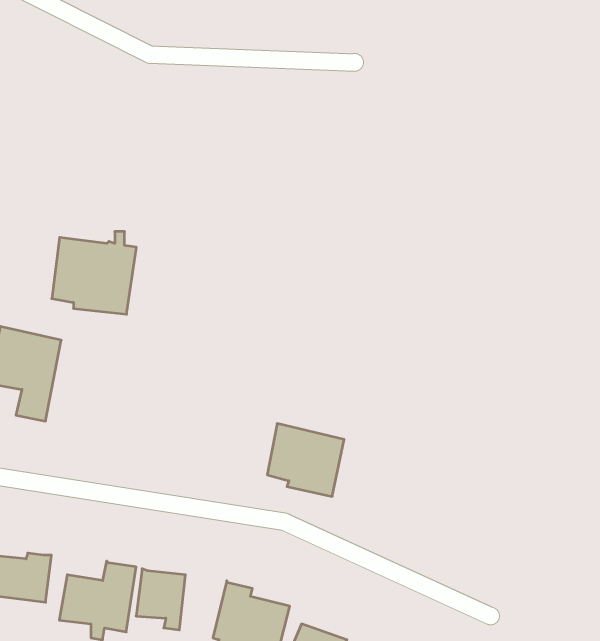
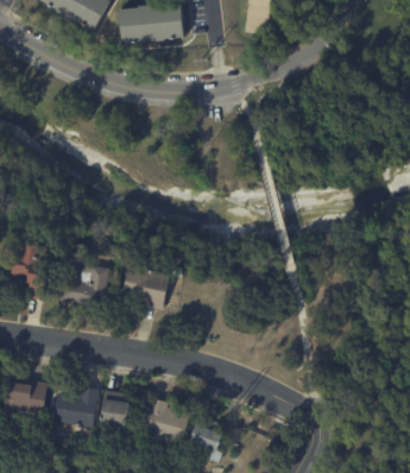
building: [52,232,136,314] -> [59,259,111,309]
building: [267,424,344,496] -> [124,265,170,309]

